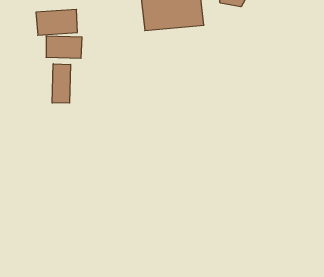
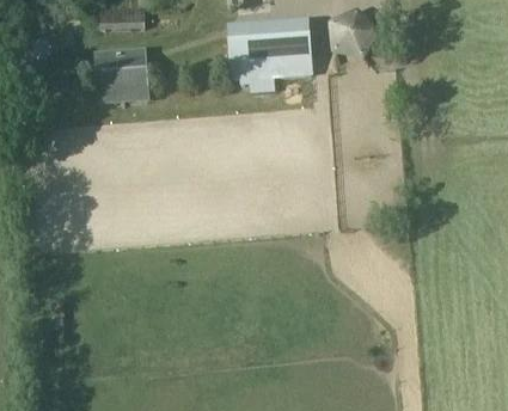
building: [52,64,71,103] -> none

